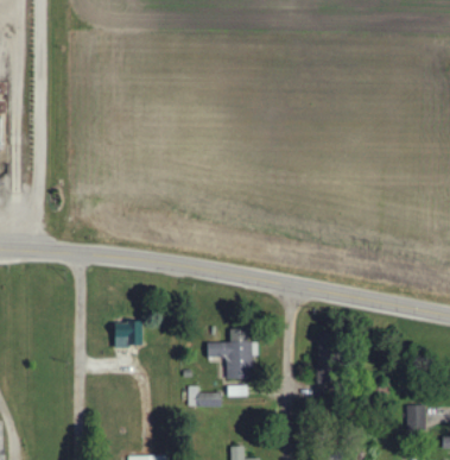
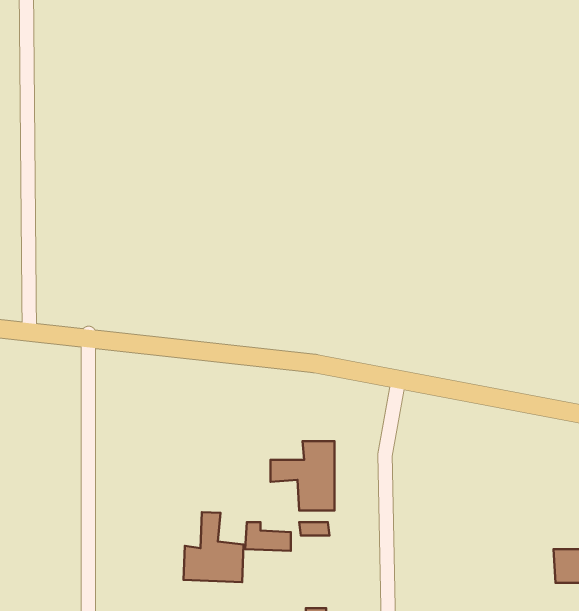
building: [113,321,141,346] -> none
building: none -> [183,512,244,582]

